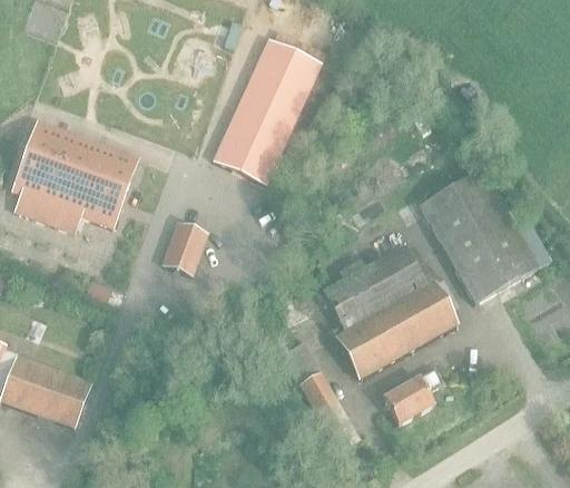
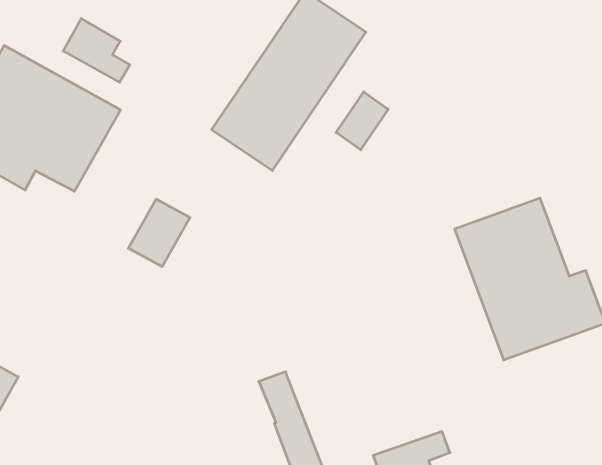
building: none -> [63,19,130,82]
building: none -> [336,92,388,150]
building: [323,244,455,379] -> none

